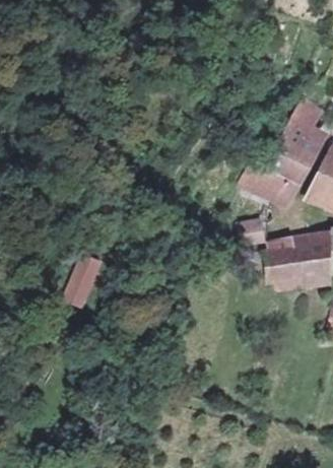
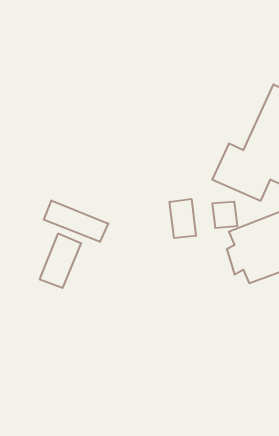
building: none -> [170,199,196,238]
building: none -> [44,200,108,242]

